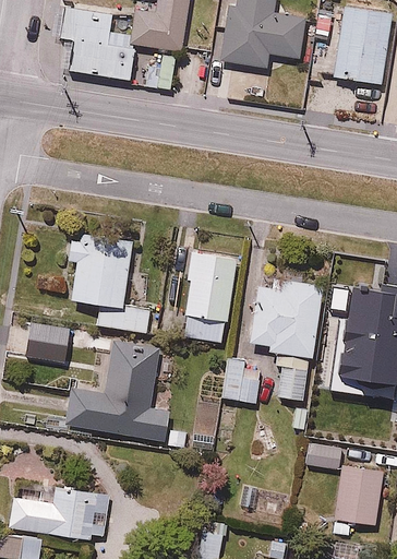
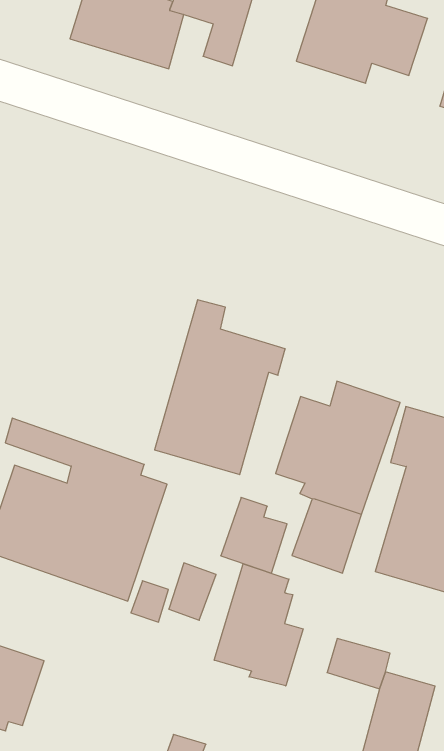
building: [65,231,152,334] -> none
building: none -> [214,564,303,686]

